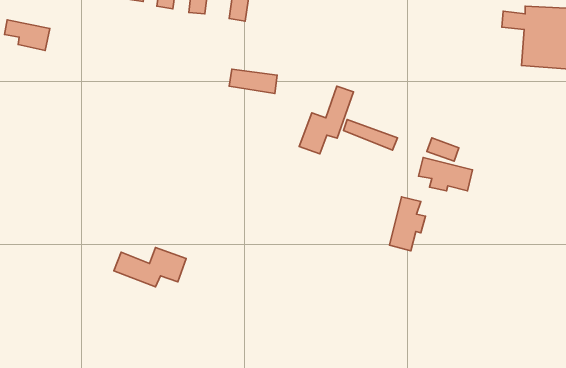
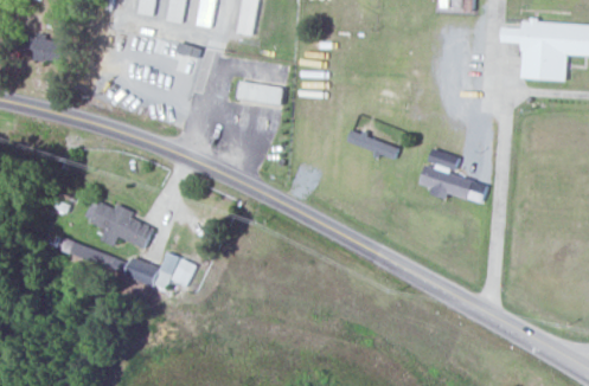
building: [299,86,353,154] -> none
building: none -> [85,200,154,249]
building: [390,197,426,251] -> none

